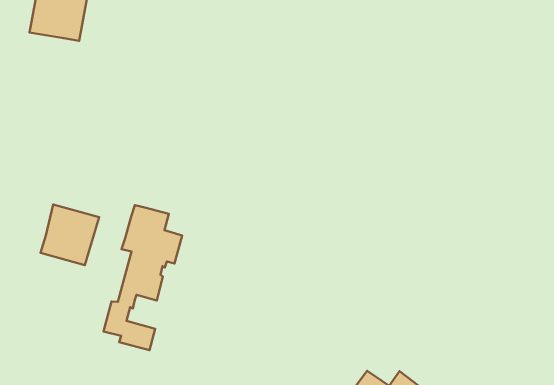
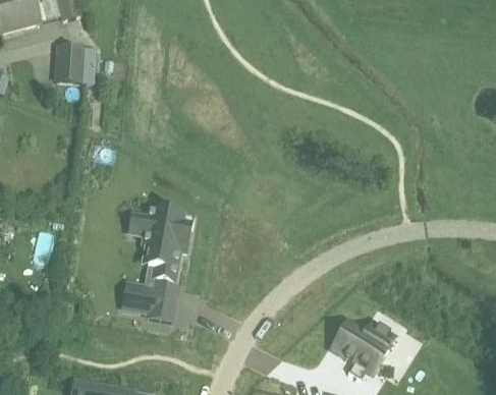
building: [41,204,99,265] -> none

